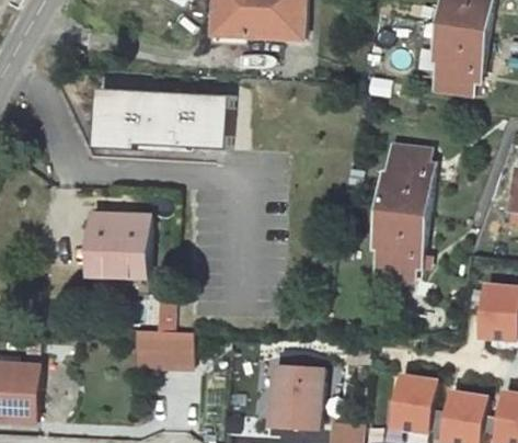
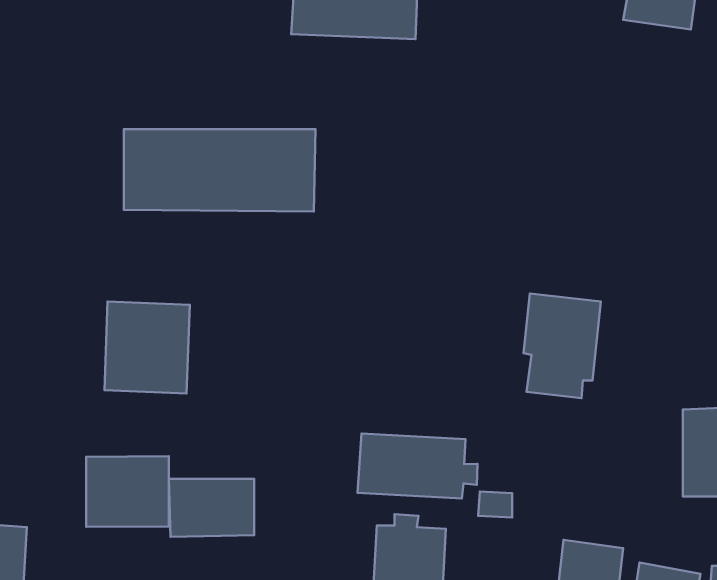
building: [434,20,486,93] -> none
building: [377,144,430,212] -> none
building: none -> [358,433,478,499]
building: none -> [86,456,169,527]

